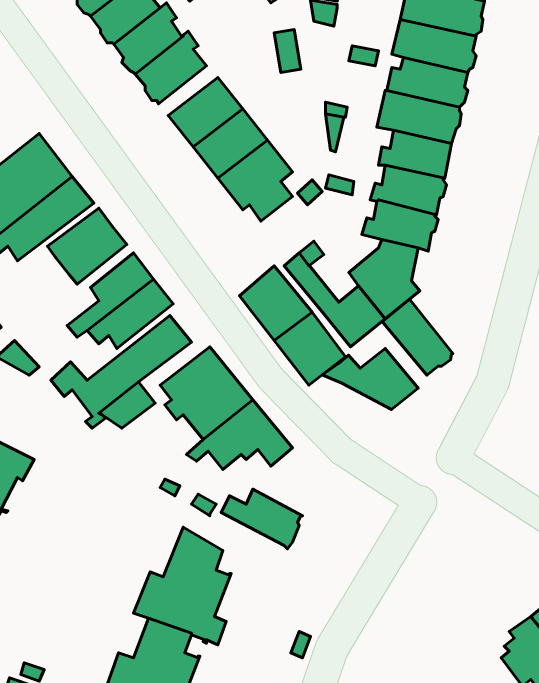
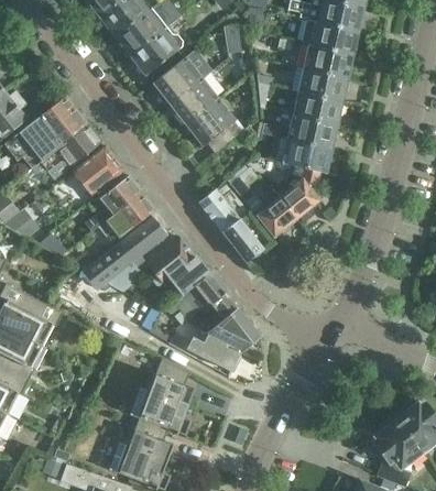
building: [382,299,453,375] -> none
building: [322,348,418,410] -> [195,309,259,350]

